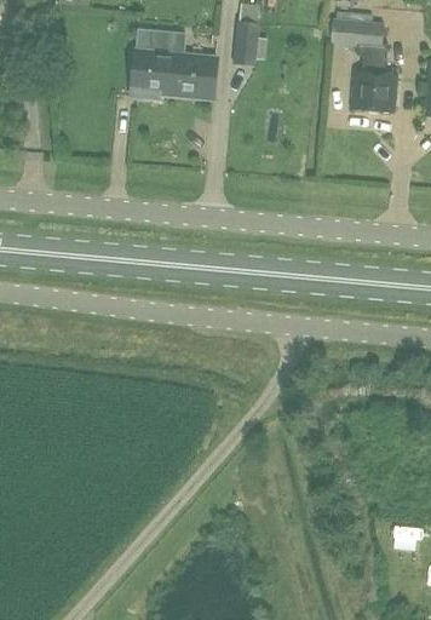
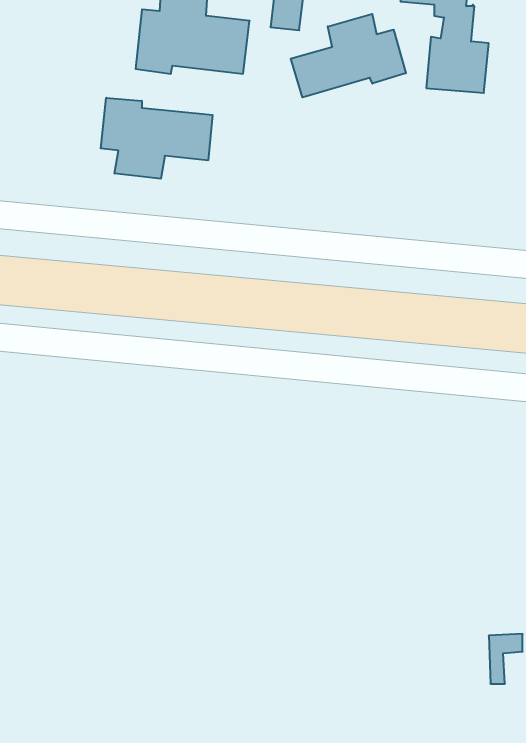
building: none -> [291,14,406,97]
building: none -> [101,98,212,179]

